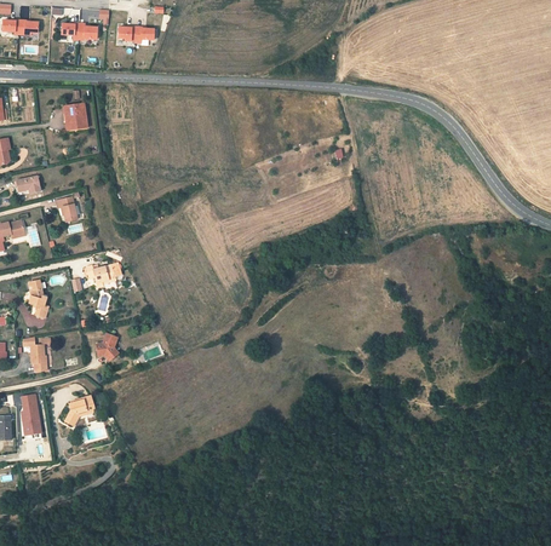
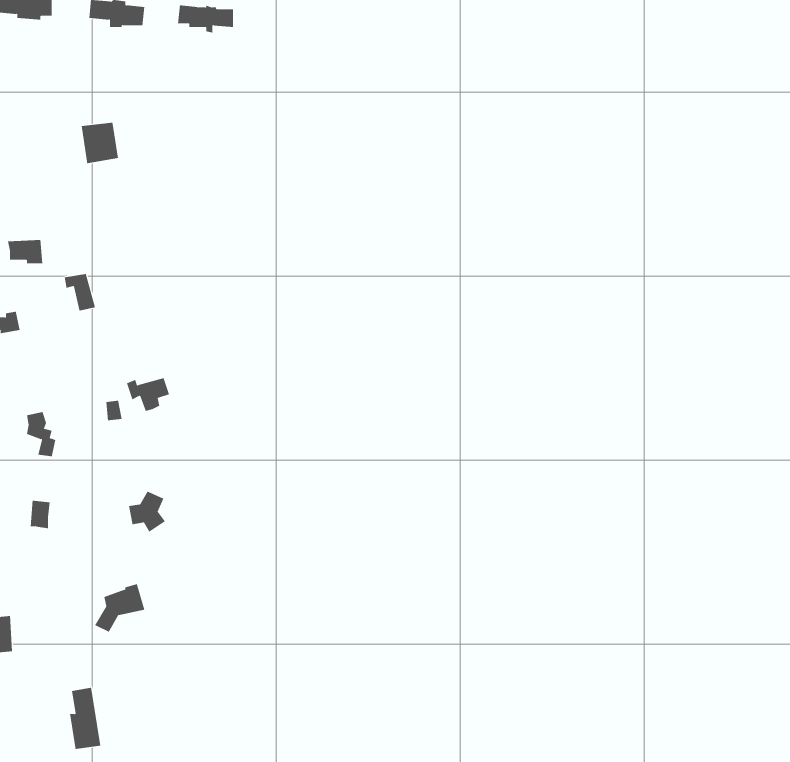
building: [23,395,44,435] -> [69,687,101,749]

